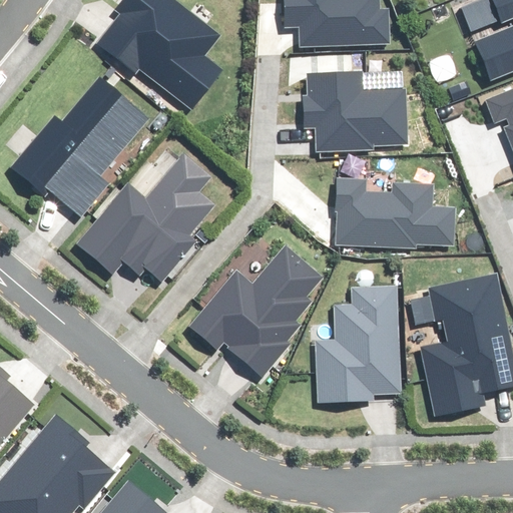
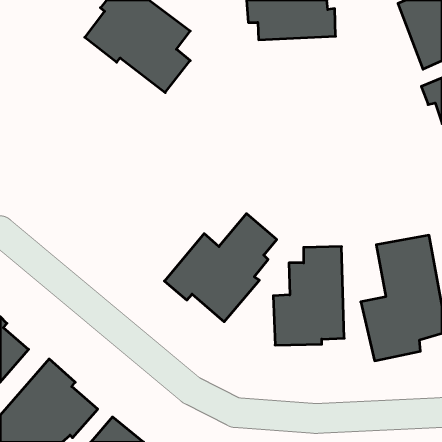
building: [304,71,407,152] -> none
building: [12,78,147,214] -> none
building: [76,155,213,281] -> none
building: [337,181,455,246] -> none

